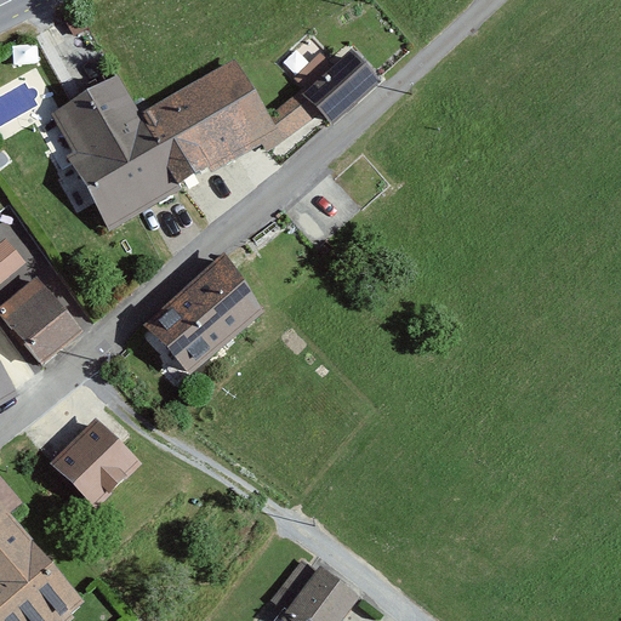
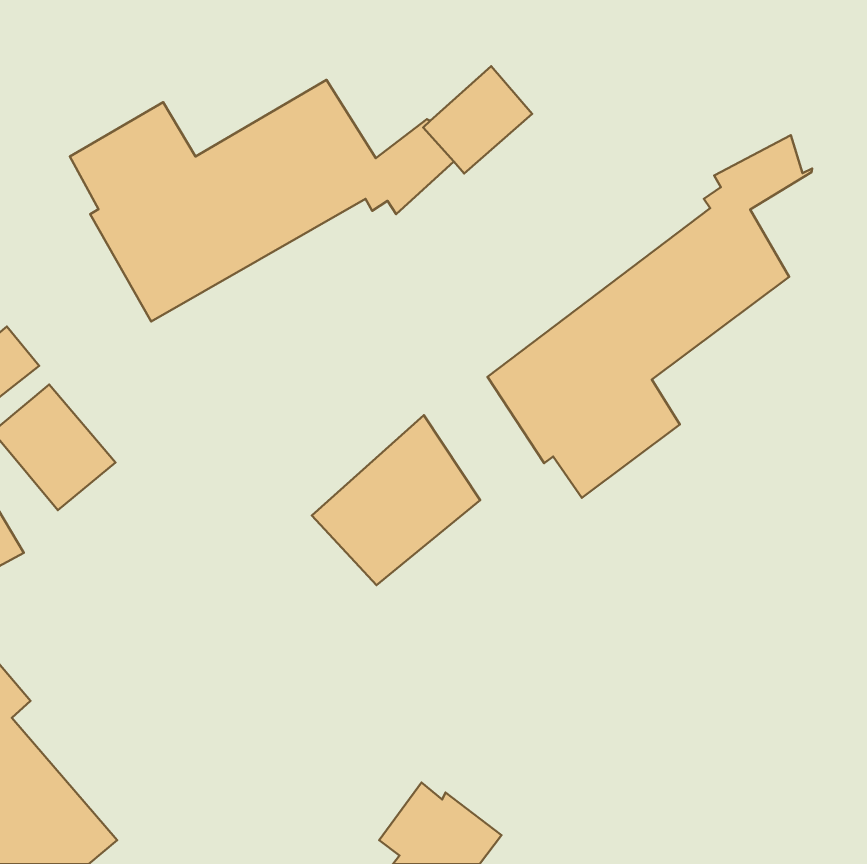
building: none -> [488,135,812,498]
building: [142,252,262,374] -> [312,415,480,585]
building: [42,422,133,513] -> none

